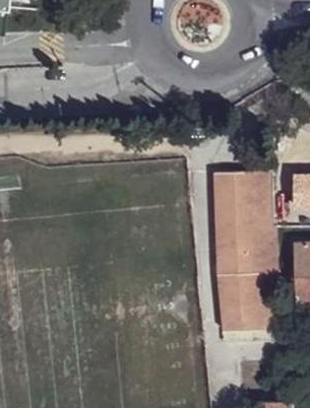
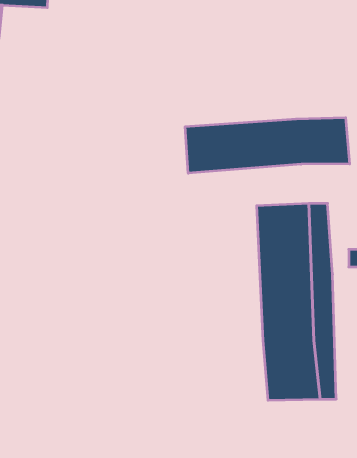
building: none -> [185,118,350,173]

